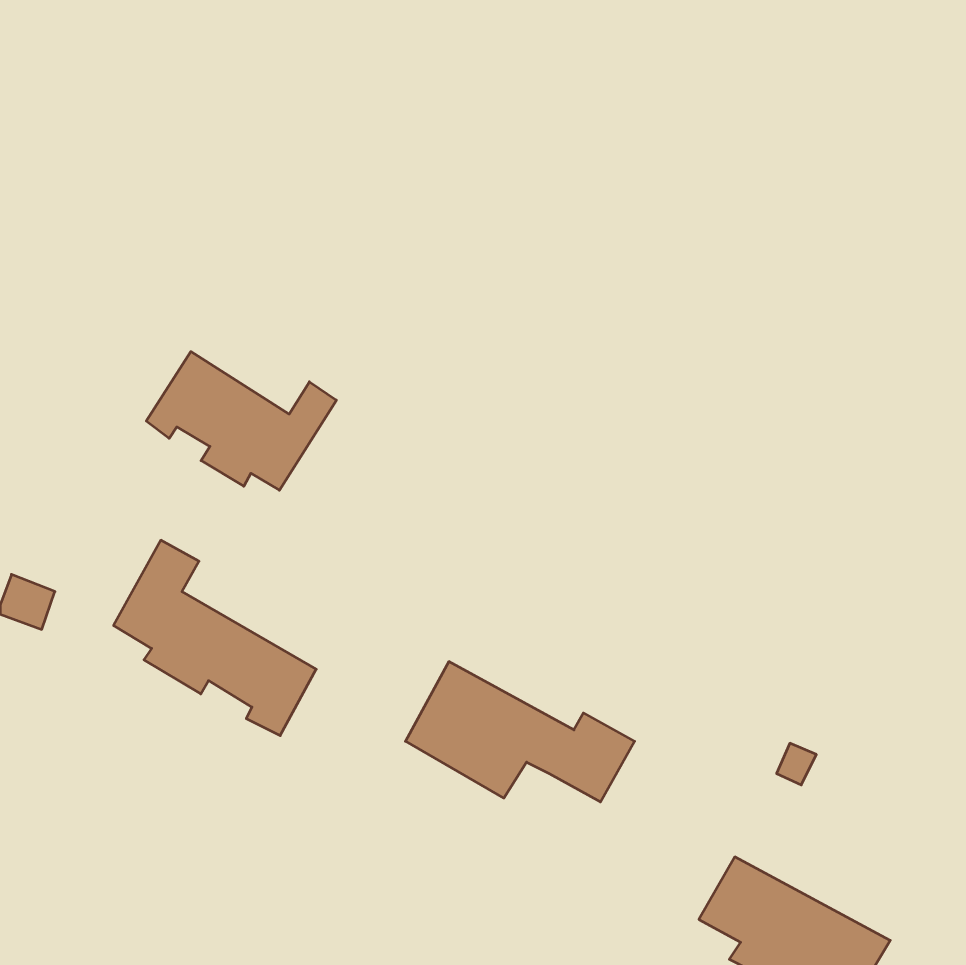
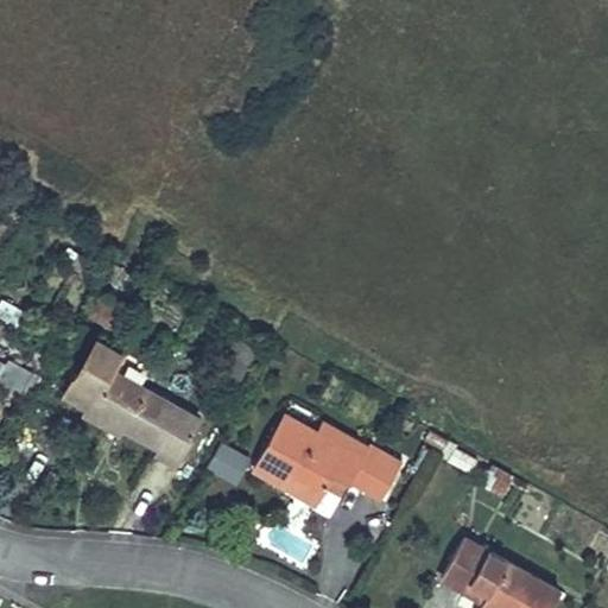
building: [146,352,336,490] -> none
building: none -> [207,441,252,483]

